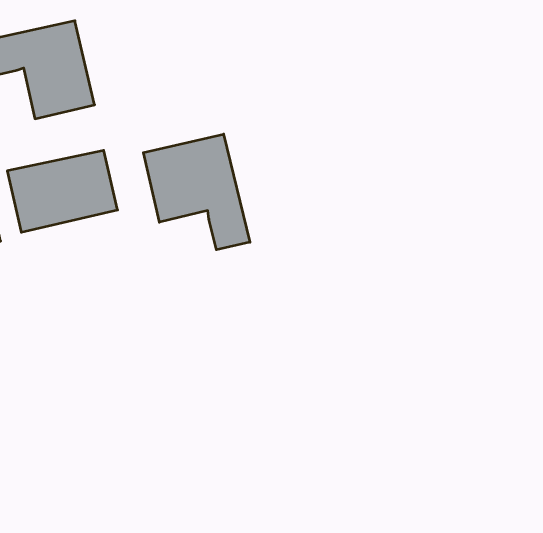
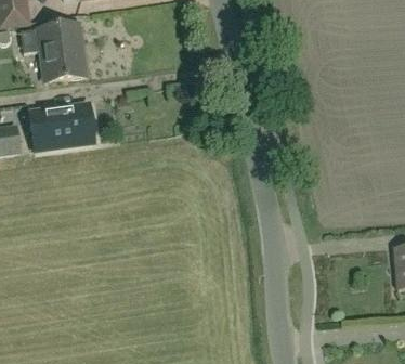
building: [143,134,250,250] -> none

